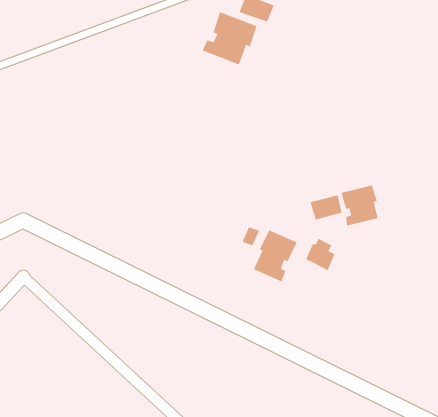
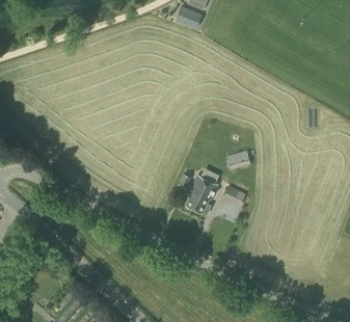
building: [201,11,258,65] -> none
building: [340,184,379,226] -> none

